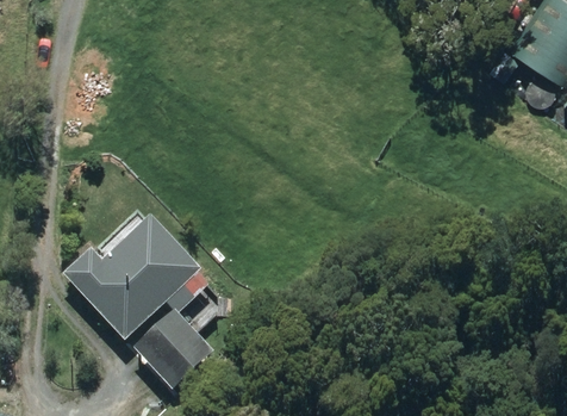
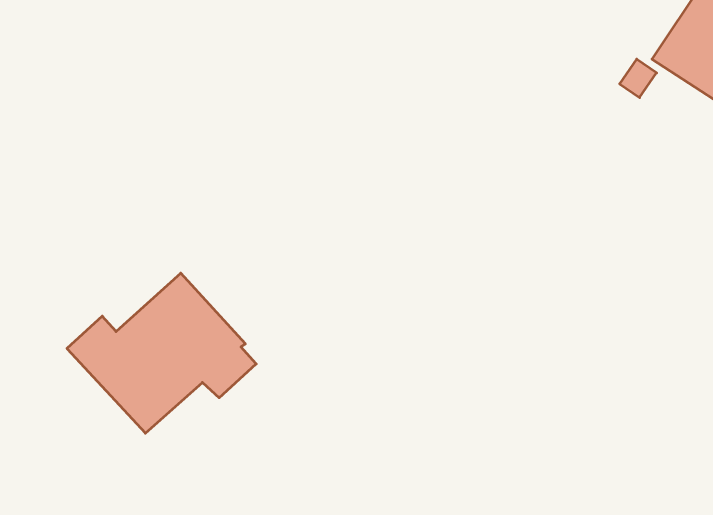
building: [135,309,214,389] -> none

